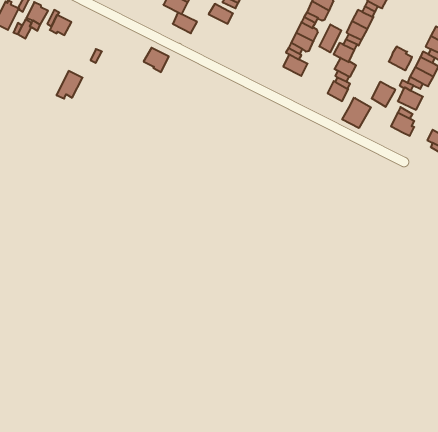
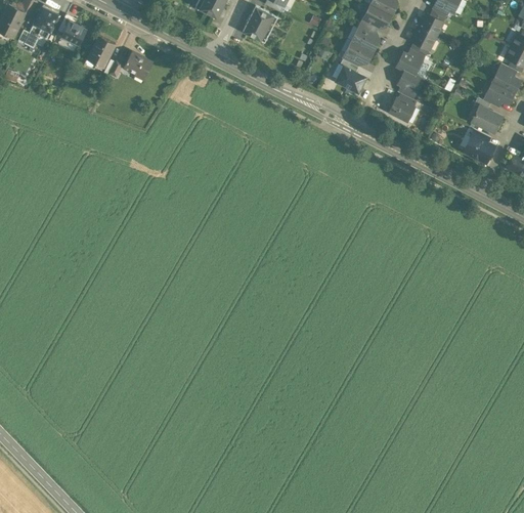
building: [173,12,197,33] -> [243,18,271,43]
building: [319,24,341,52] -> none
building: [389,46,412,70] -> none
building: [144,48,169,72] -> [123,51,152,80]
building: [56,71,83,99] -> [85,35,116,68]
building: [372,82,395,107] -> none
building: [342,98,371,128] -> none

